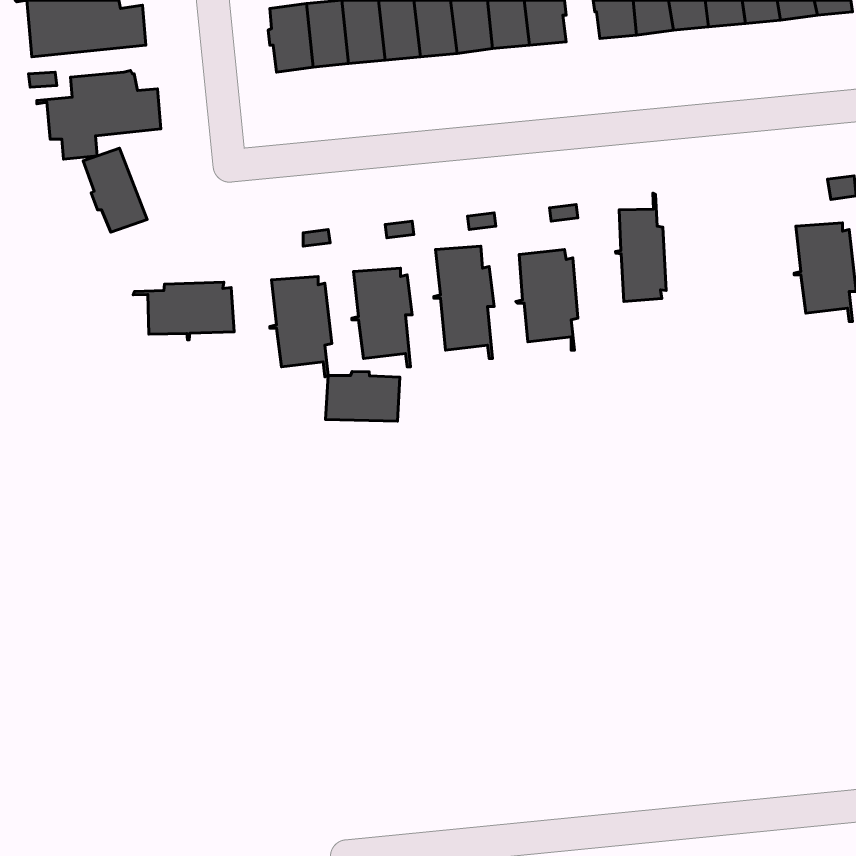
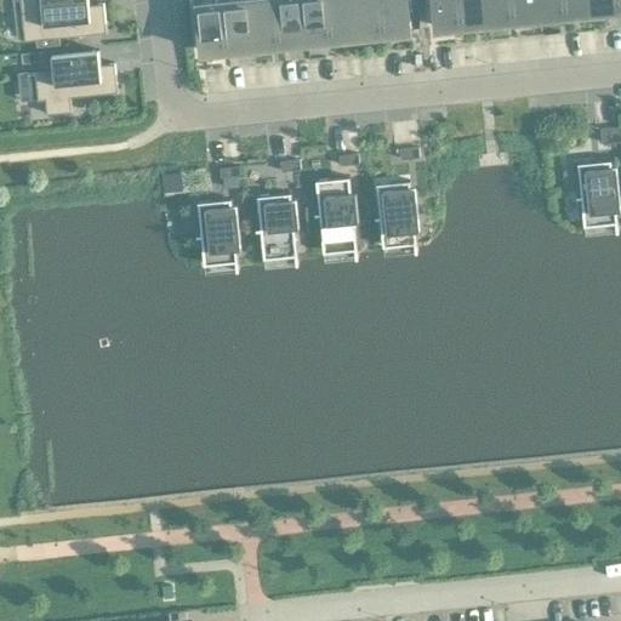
building: [83,148,147,232] -> none
building: [615,193,666,302] -> none
building: [133,282,234,340] -> none
building: [326,371,400,421] -> none

